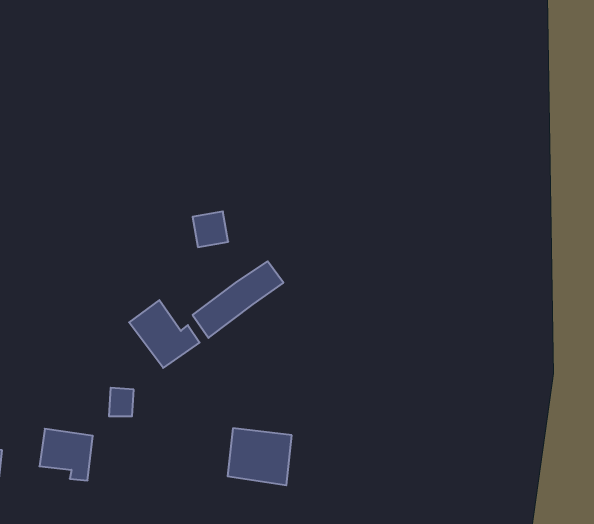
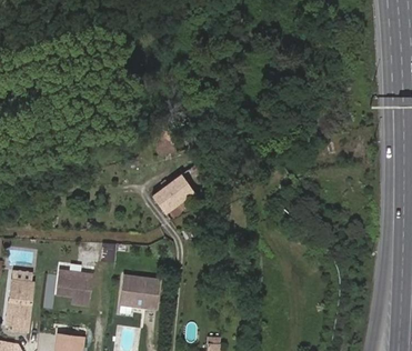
building: [129,300,200,368] -> none
building: [228,428,292,485] -> [121,275,161,311]

